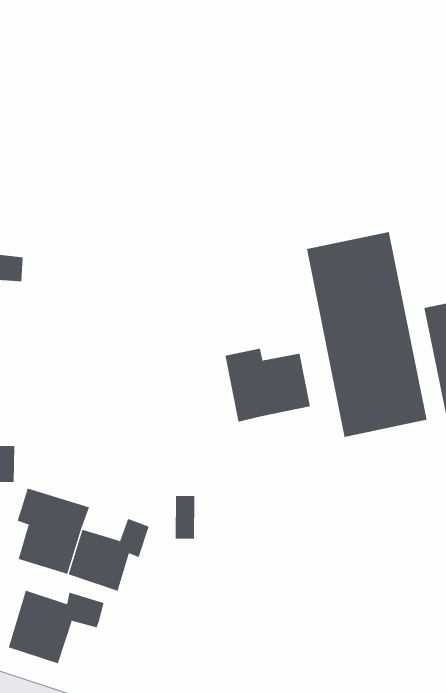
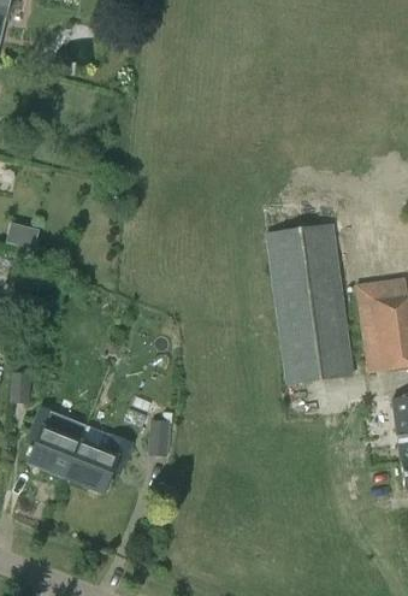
building: [225,348,311,423] -> none
building: [8,590,104,664] -> none

